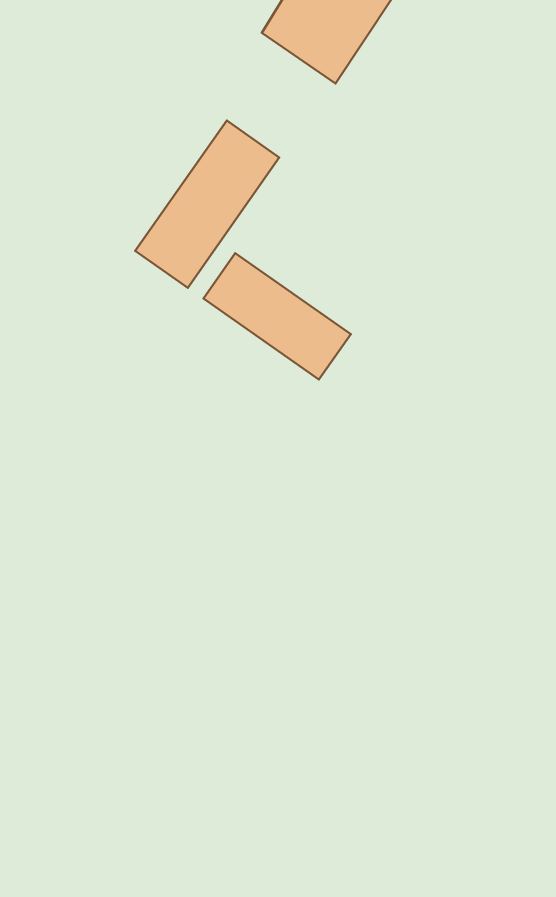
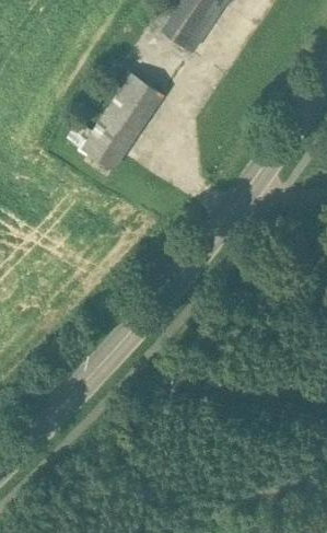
building: [204,253,351,380] -> none

